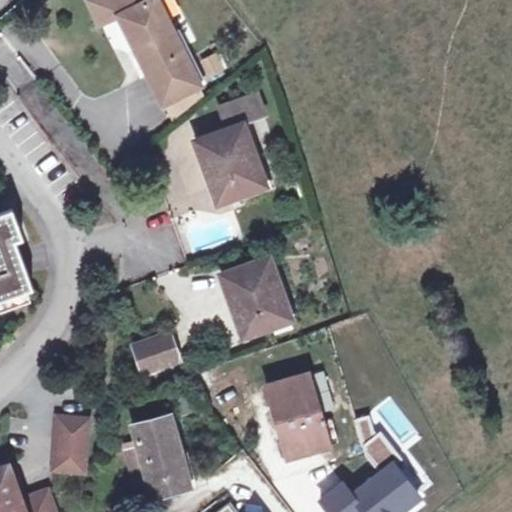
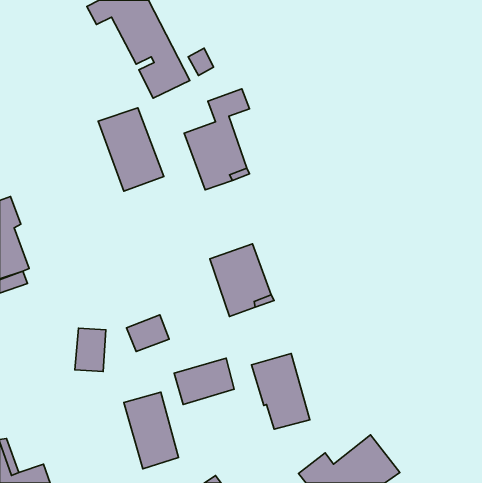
building: none -> [98,108,164,191]
building: none -> [174,358,234,404]
building: [53,424,86,470] -> [75,328,106,372]

